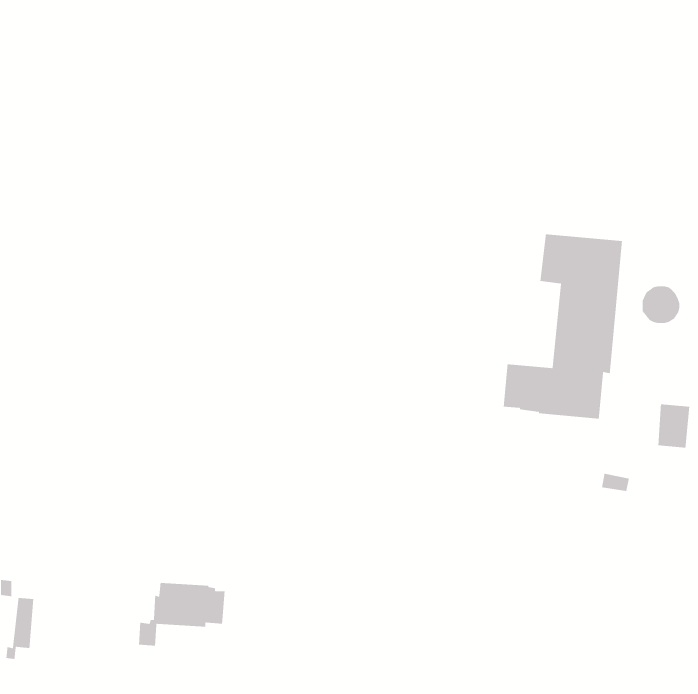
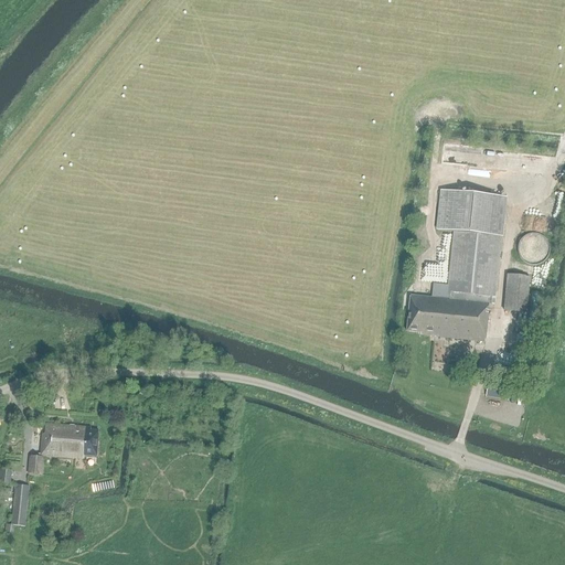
building: [657,403,690,449] -> [503,273,530,309]
building: [138,582,225,647] -> [28,420,98,472]

